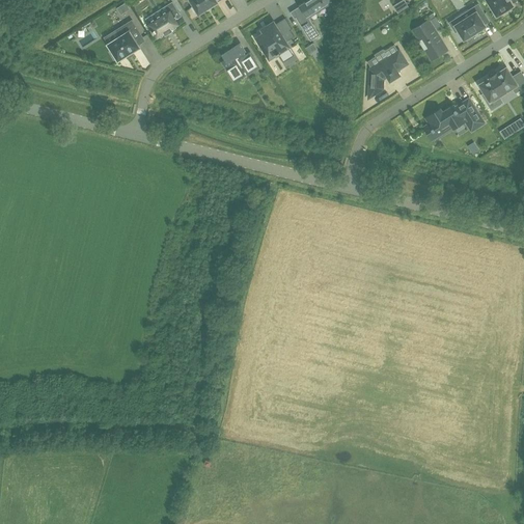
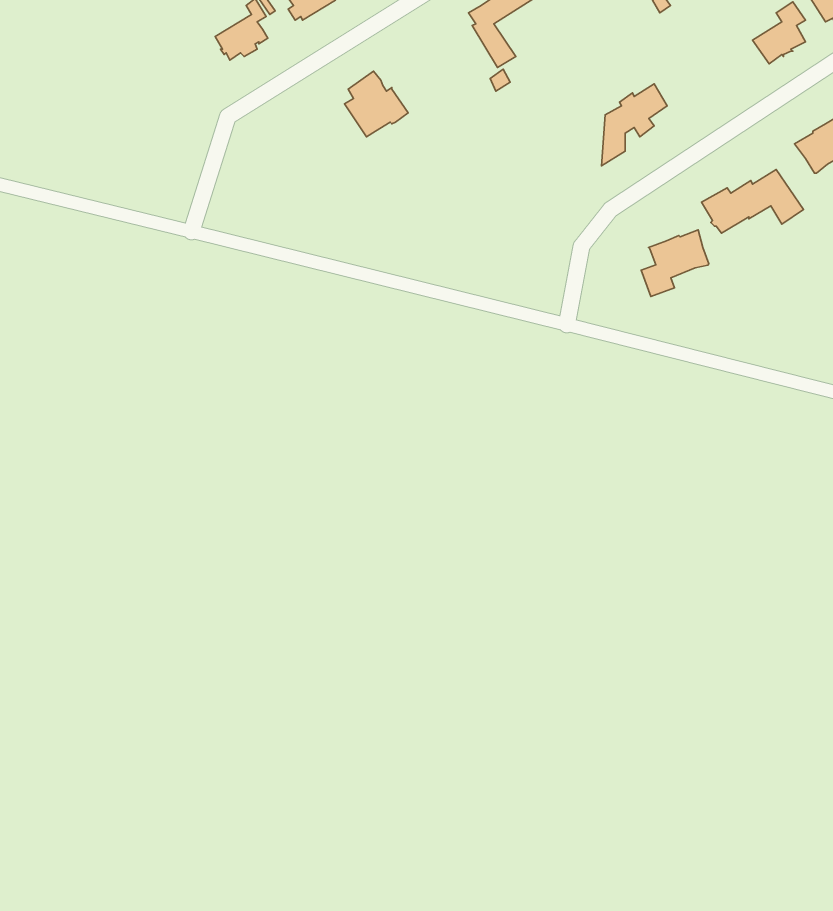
building: [107,19,141,59] -> none
building: [412,21,445,58] -> none
building: [255,22,293,58] -> none
building: none -> [641,230,709,297]

